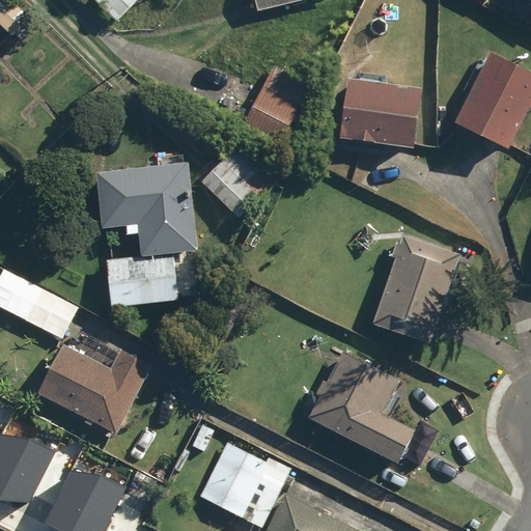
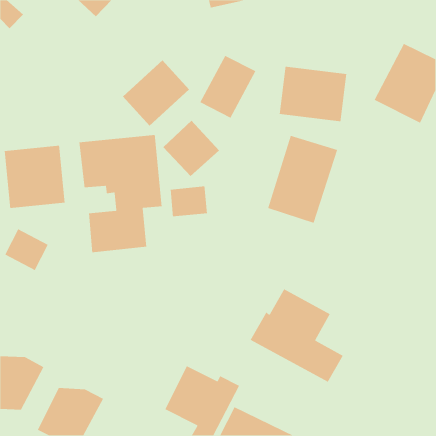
building: none -> [122,59,190,126]
building: none -> [4,145,66,209]
building: none -> [170,186,208,217]
building: [372,236,458,344] -> [267,135,338,224]
building: [39,344,152,434] -> none

